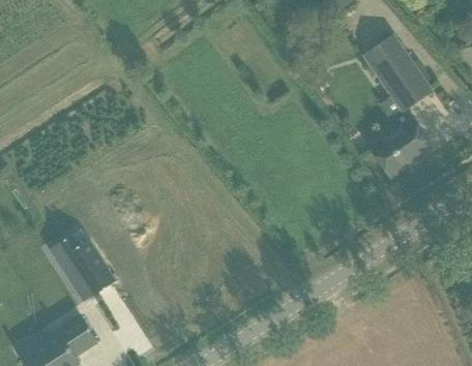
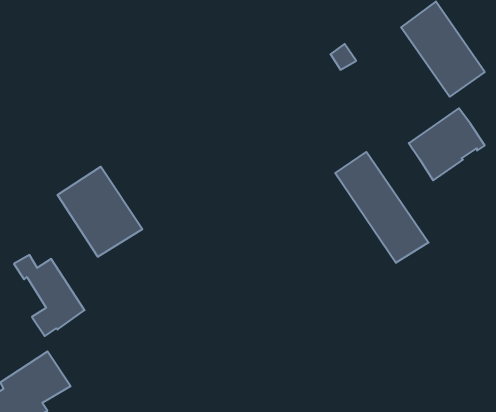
building: none -> [335,152,429,263]
building: none -> [58,167,142,257]

